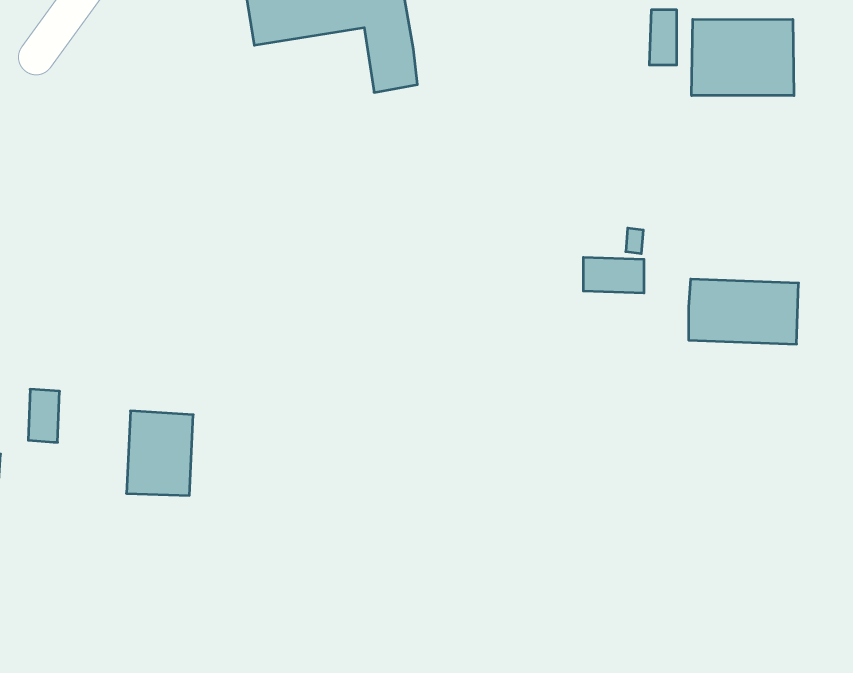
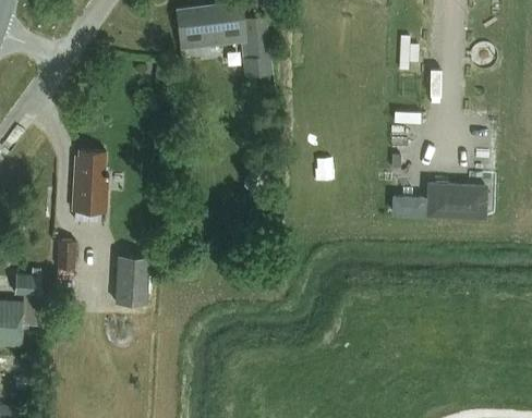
building: [692,19,794,96] -> none
building: none -> [72,152,108,214]
building: [583,257,644,293] -> [390,196,424,216]

